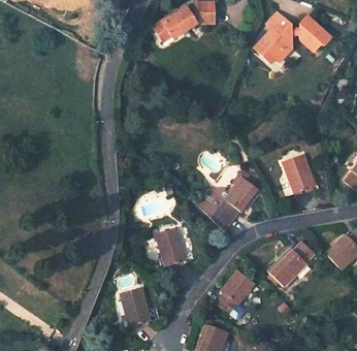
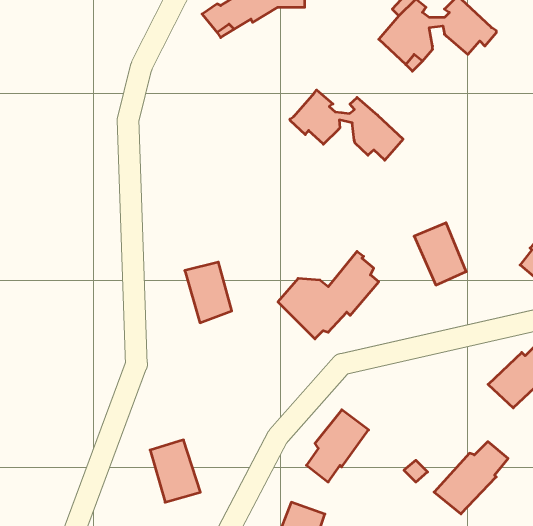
building: none -> [290,90,403,160]
building: [157,229,186,266] -> [185,262,232,323]
building: [268,241,314,285] -> [434,442,508,514]

